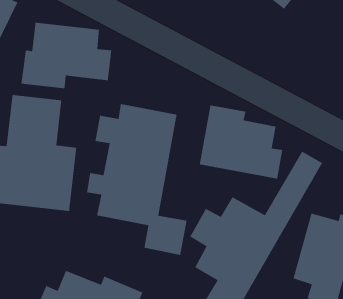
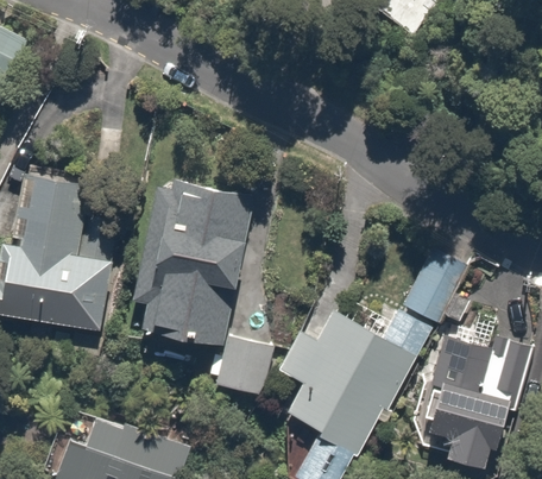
building: [21,22,112,89] -> none
building: [199,104,283,179] -> none

